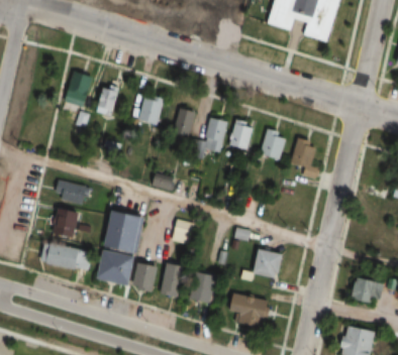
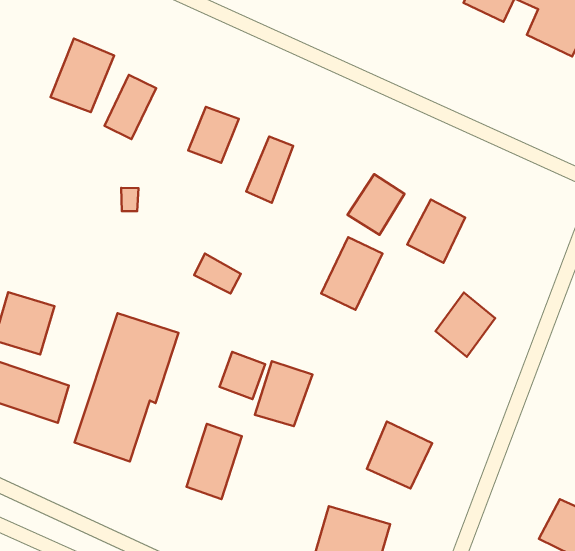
building: [196,115,225,152] -> [321,237,383,310]
building: [290,137,320,170] -> [435,293,495,357]
building: [53,180,87,205] -> none
building: [133,261,159,291] -> none
building: [190,271,217,304] -> [255,361,313,426]

